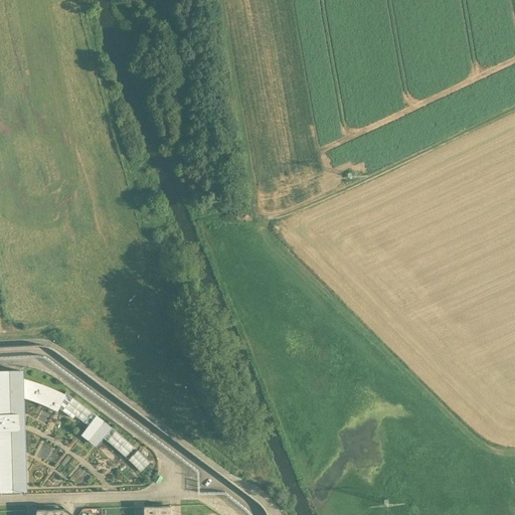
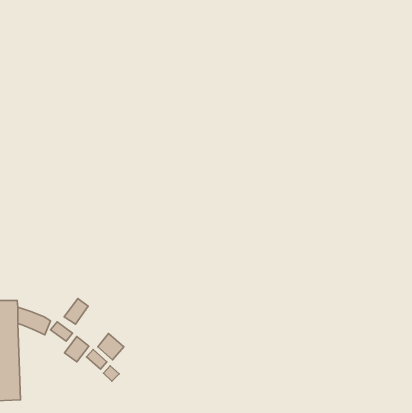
building: none -> [64,299,88,324]
building: none -> [98,334,124,360]

